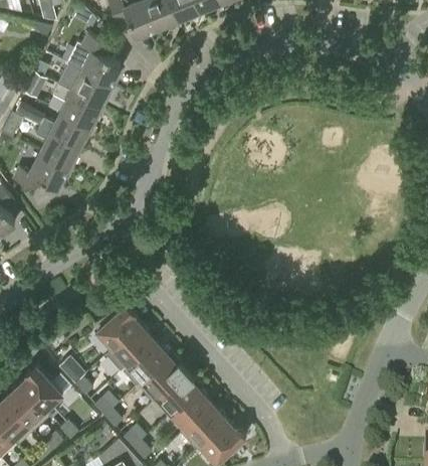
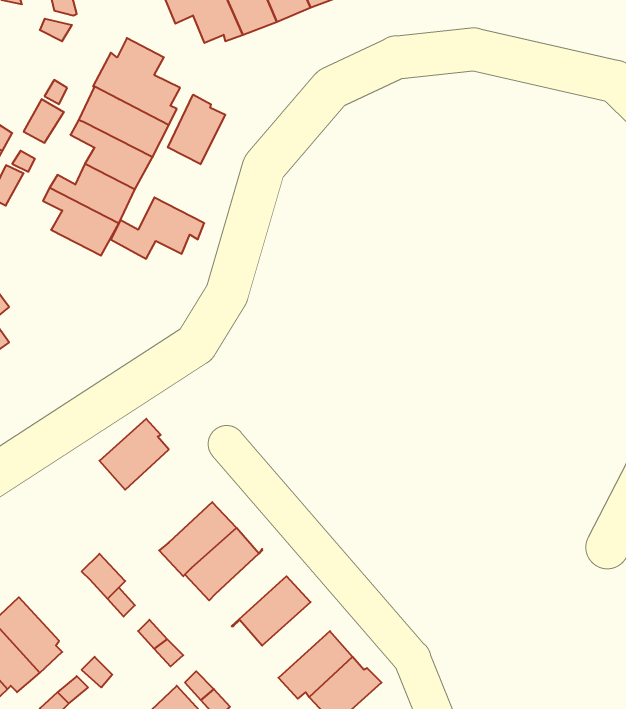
building: none -> [168,95,225,164]
building: [13,153,71,191] -> [111,197,204,259]
building: [97,304,141,348] -> [99,419,169,490]
building: [141,353,187,401] -> none
building: [20,365,62,418] -> none
building: [172,385,214,433] -> none

